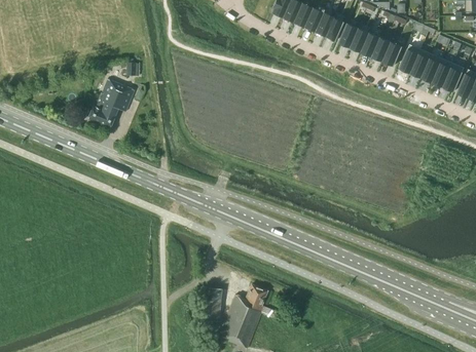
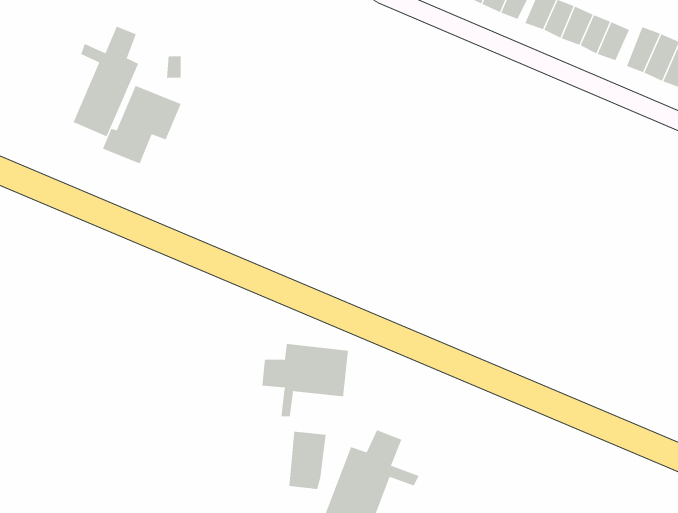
building: none -> [73,26,139,137]
building: none -> [262,343,348,417]

